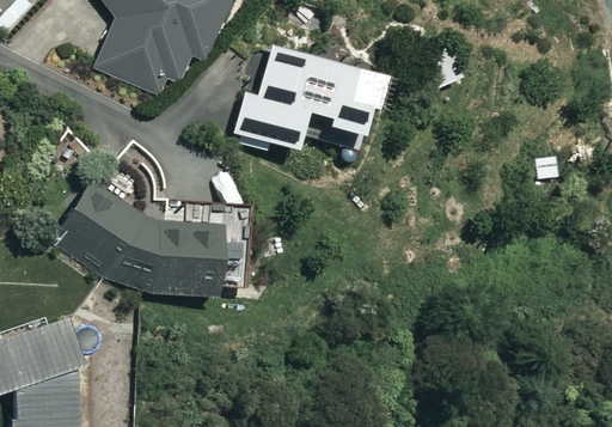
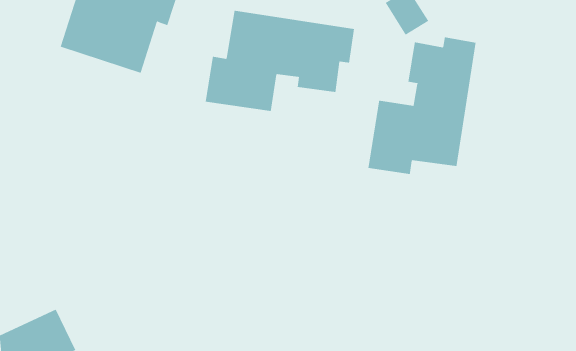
building: none -> [368,37,476,175]
building: [57,185,226,295] -> none

